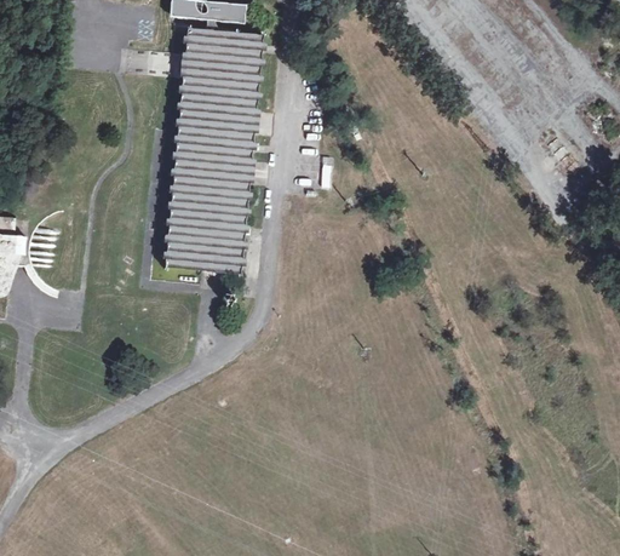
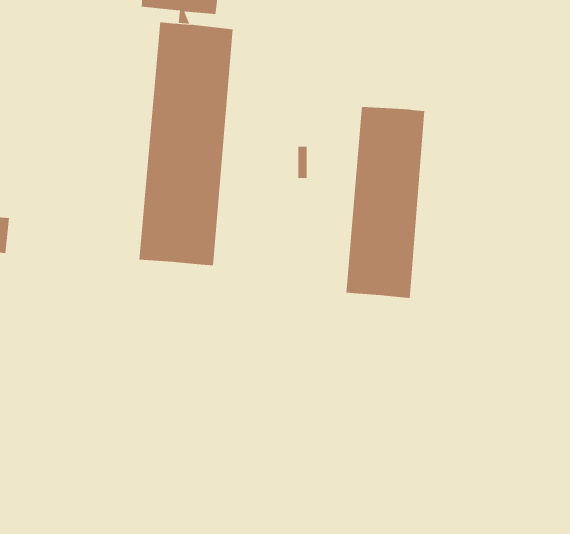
building: none -> [346,106,425,299]

